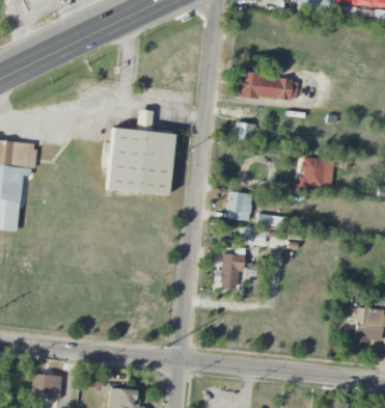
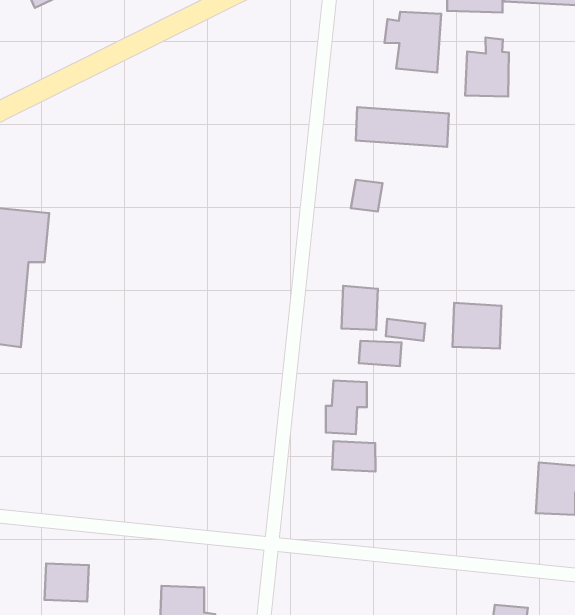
building: none -> [385,12,441,72]
building: none -> [465,38,509,97]
building: [103,109,173,194] -> none
building: [301,157,333,187] -> [452,303,501,348]
building: none -> [332,441,376,471]

